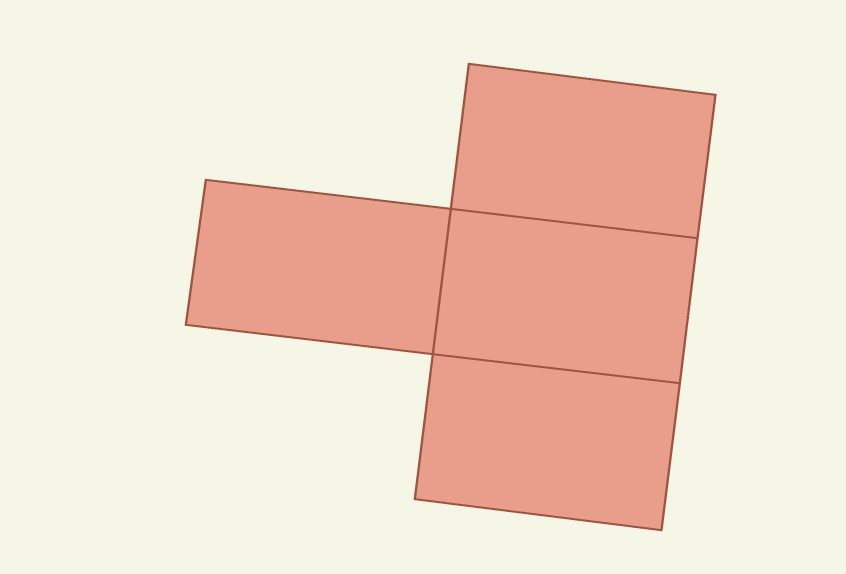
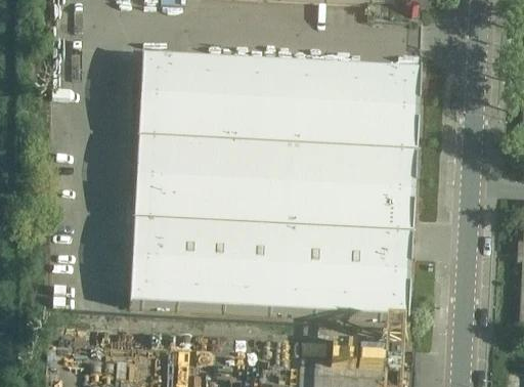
building: none -> [138,52,280,140]
building: none -> [129,216,272,304]

